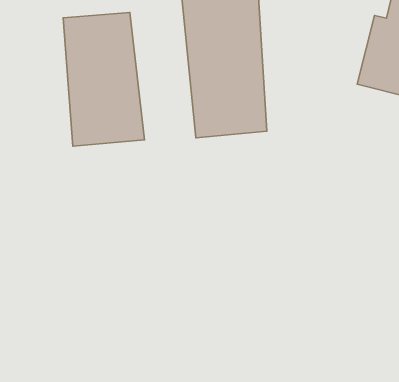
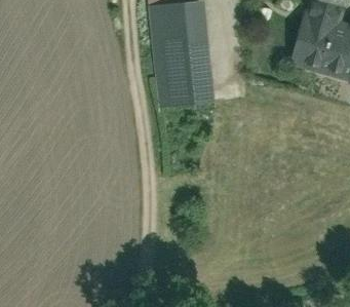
building: [63,12,145,146] -> none

